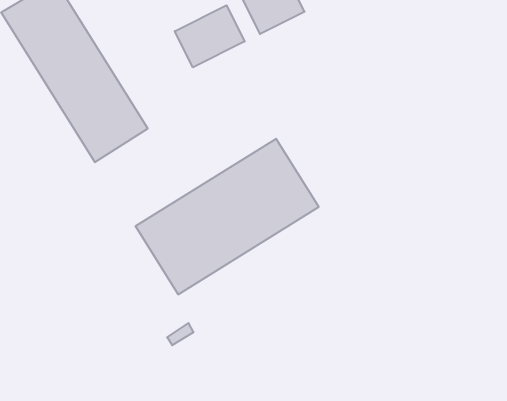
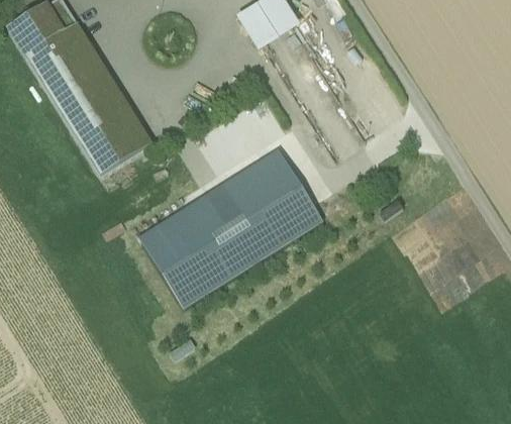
building: [175,5,245,67] -> none

